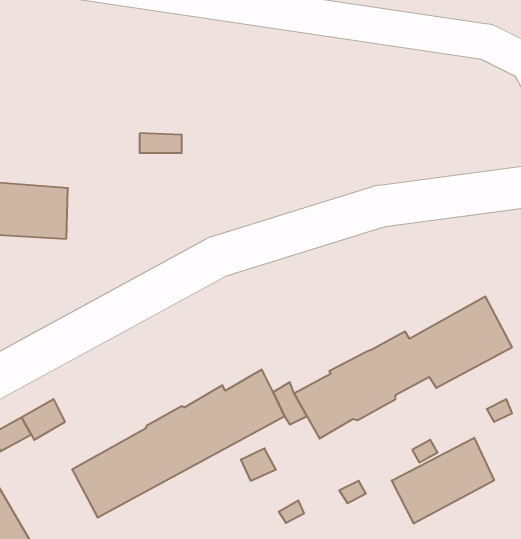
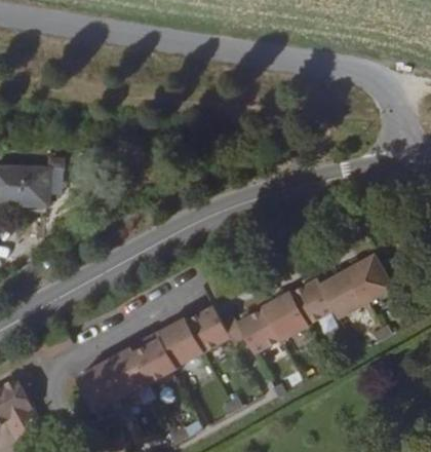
building: [392,438,494,524] -> none

